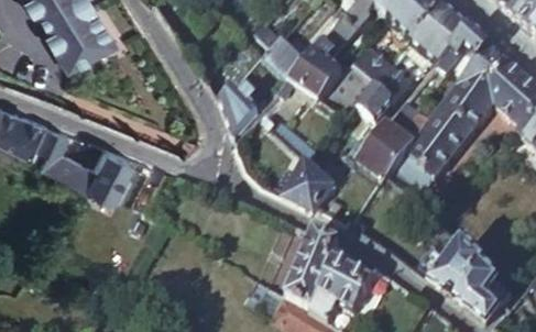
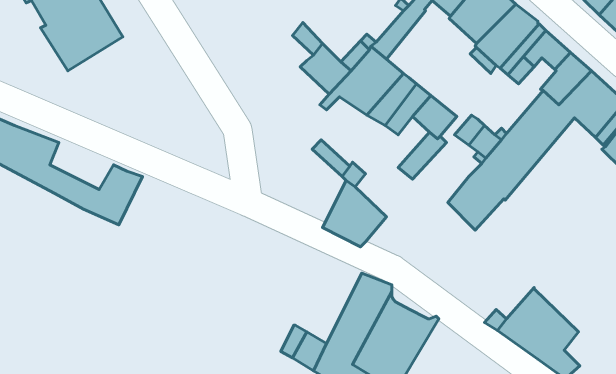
building: [354,47,412,100] -> none
building: [220,87,259,134] -> none
building: [358,122,414,177] -> none

